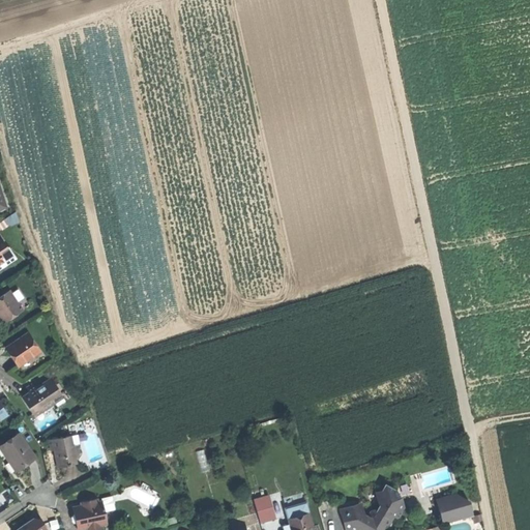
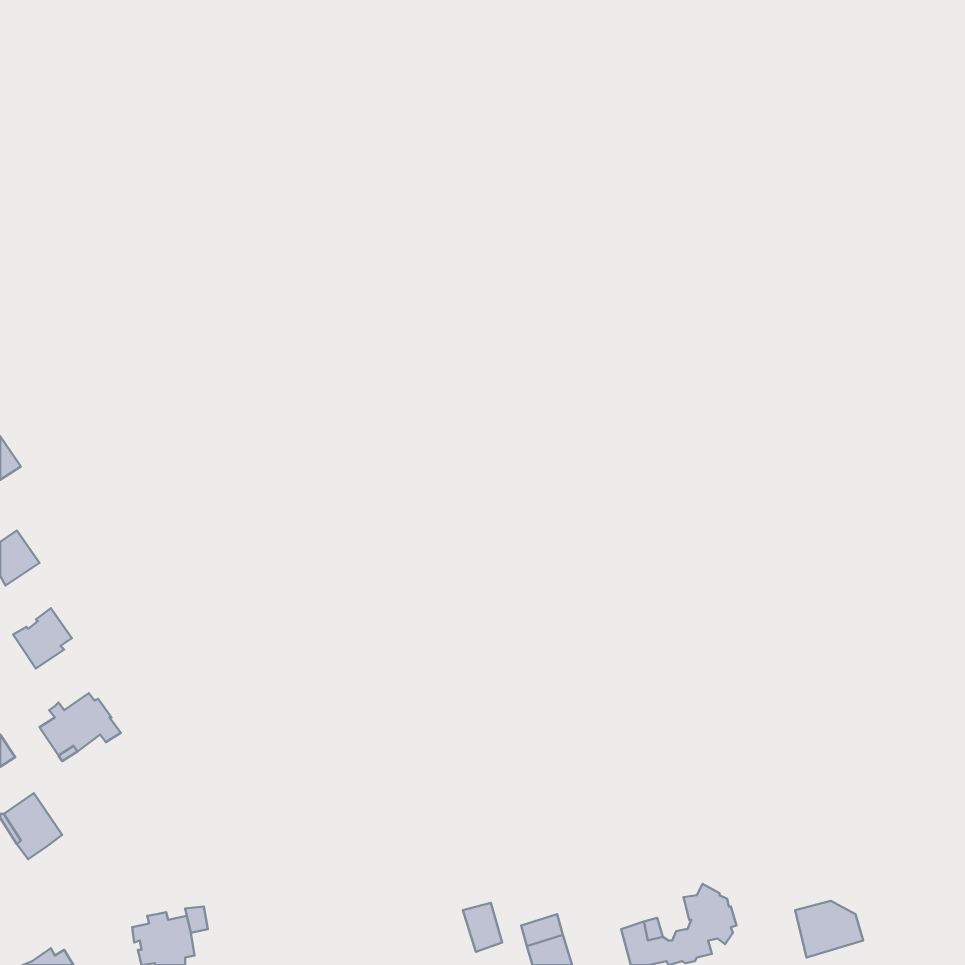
building: [49,435,81,468] -> none

